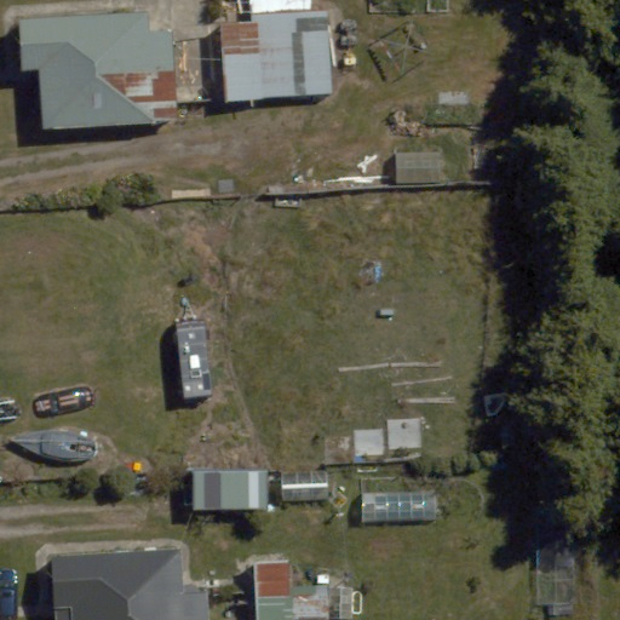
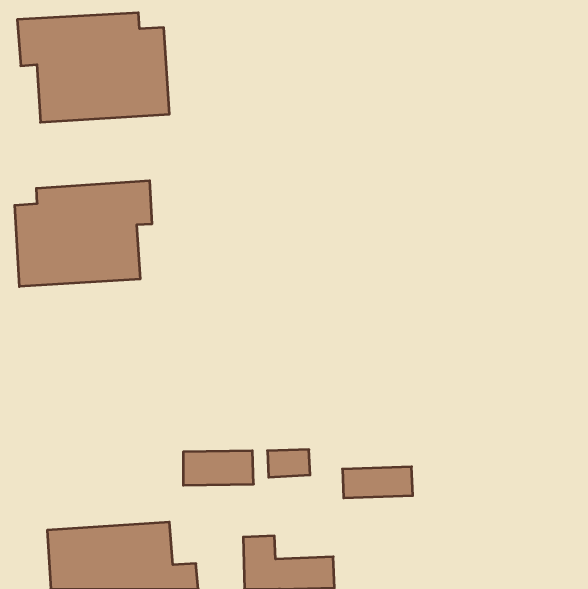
building: [219,8,335,104] -> none
building: none -> [15,181,152,287]

